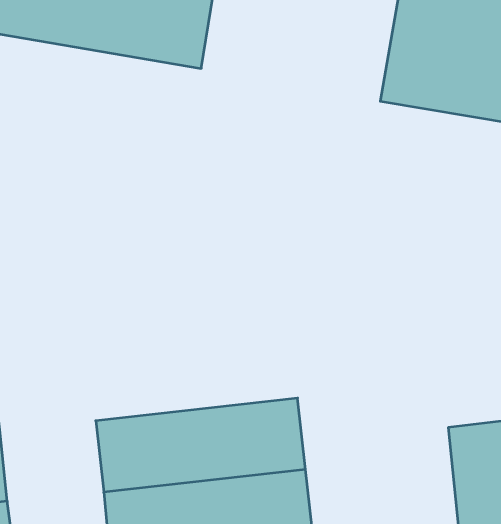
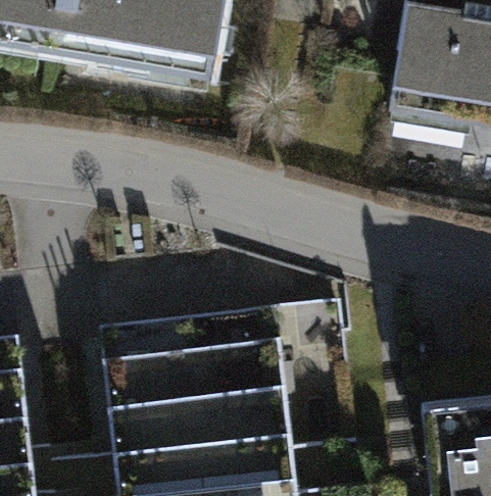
building: none -> [107,316,297,401]

